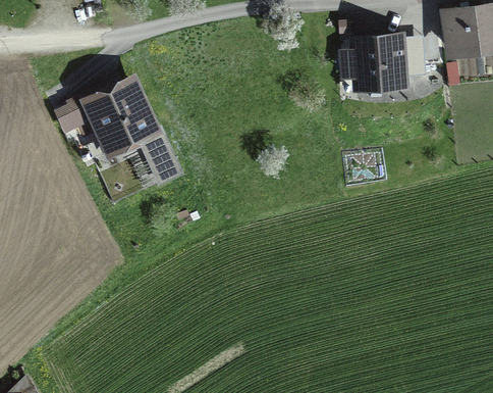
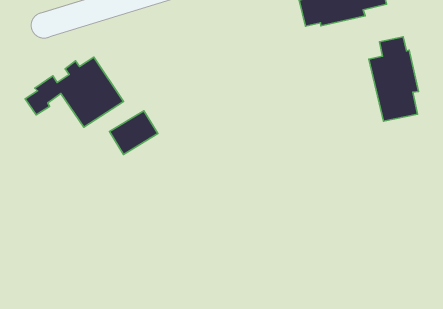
building: none -> [369,37,419,121]

